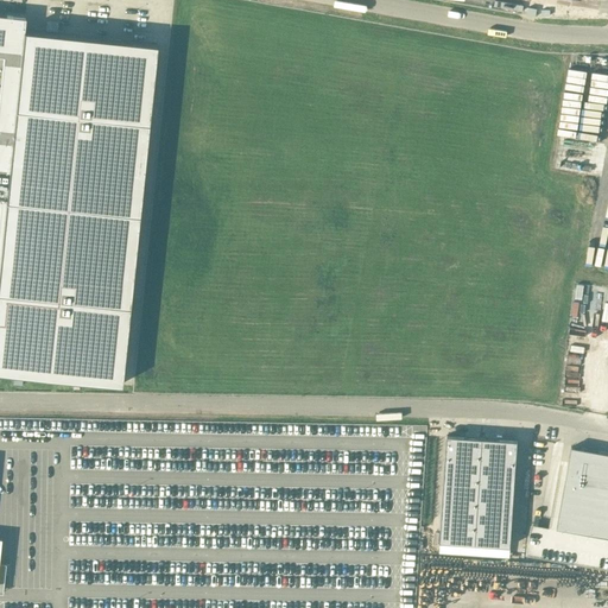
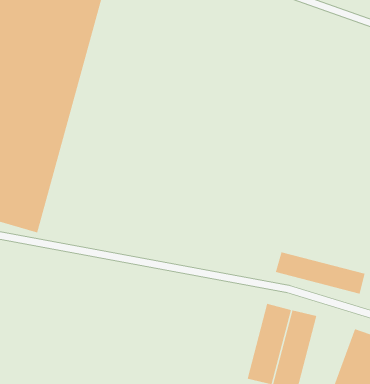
building: none -> [275,251,365,295]

